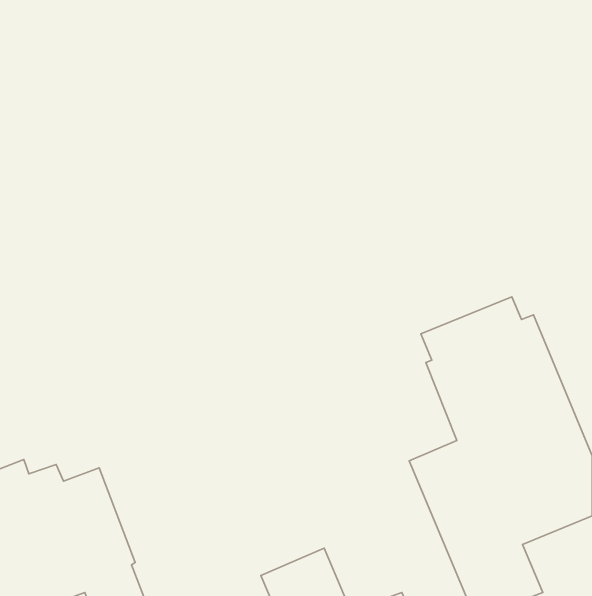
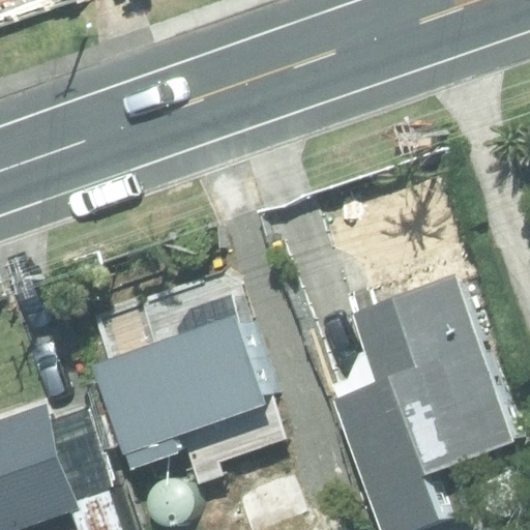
building: none -> [108,322,286,482]

